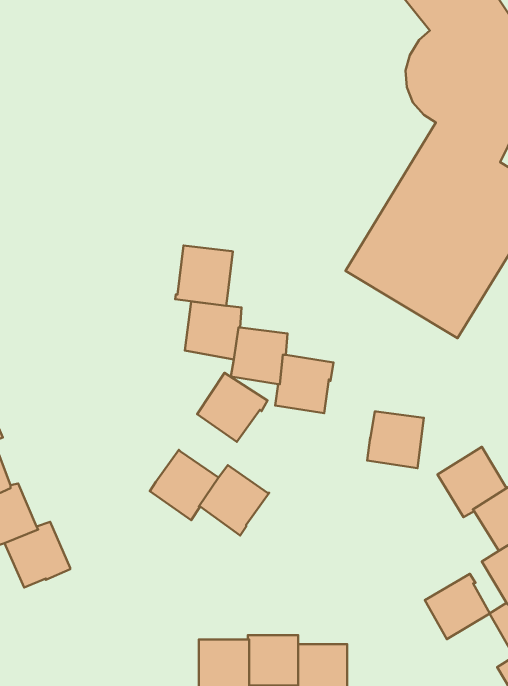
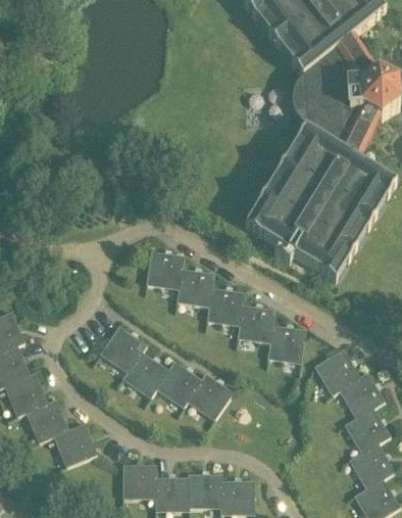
building: [175,245,233,306] -> none
building: [197,373,267,442] -> [100,327,147,373]
building: none -> [238,304,274,344]
building: none -> [187,374,233,421]
building: none -> [53,423,97,468]
building: [425,574,490,639] -> none
building: none -> [122,466,157,500]

